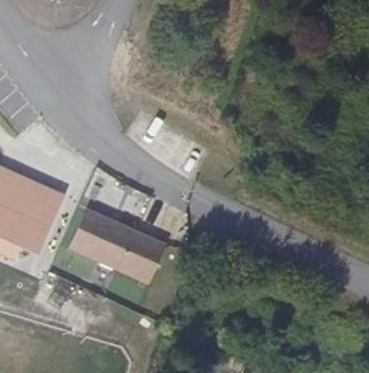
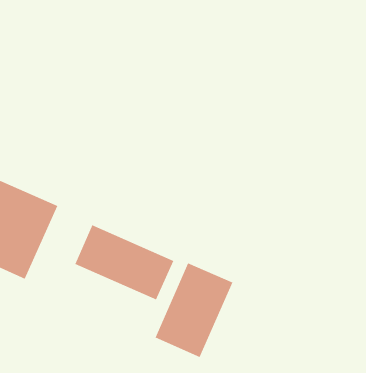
building: none -> [155,262,233,358]

